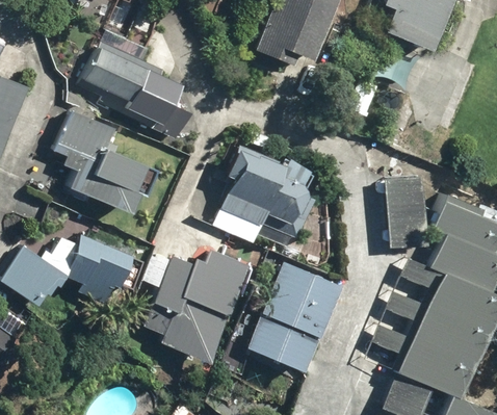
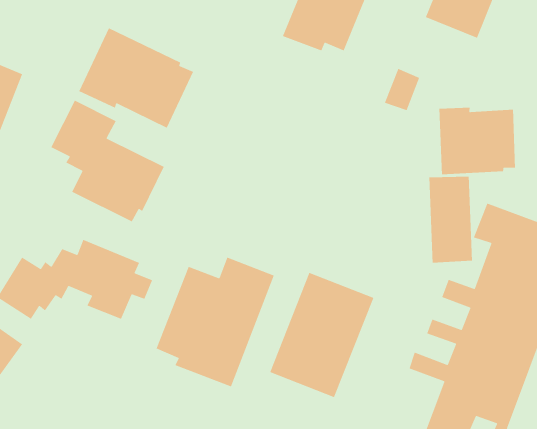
building: none -> [438,107,516,175]
building: [216,144,323,244] -> none

